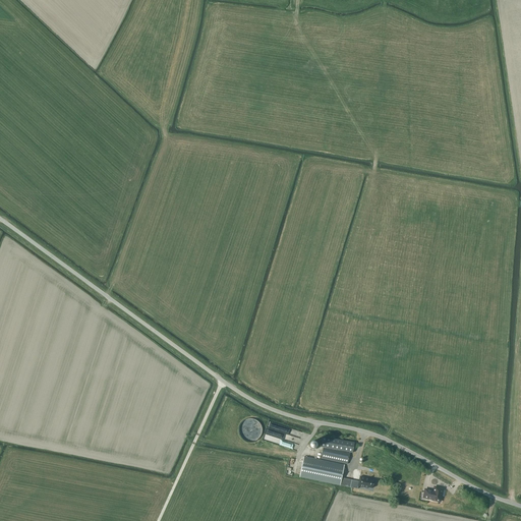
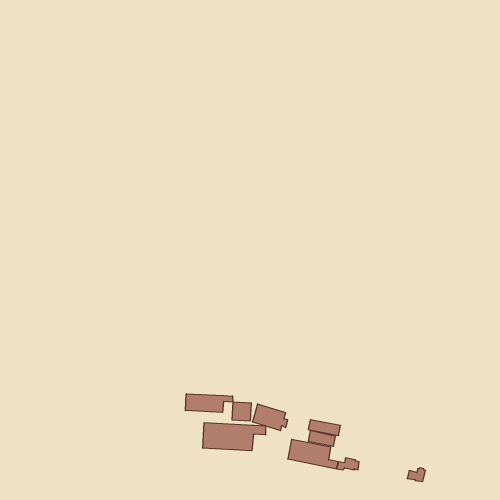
building: none -> [185,394,233,412]
building: none -> [203,423,266,451]

